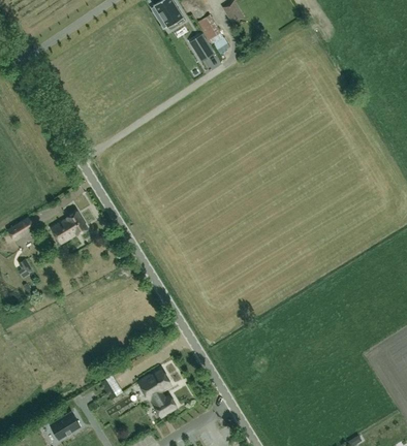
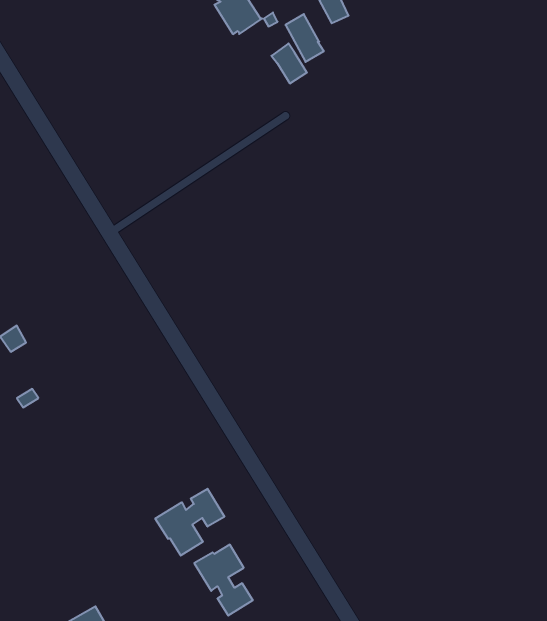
building: [51,212,88,245] -> none
building: none -> [155,489,224,556]

